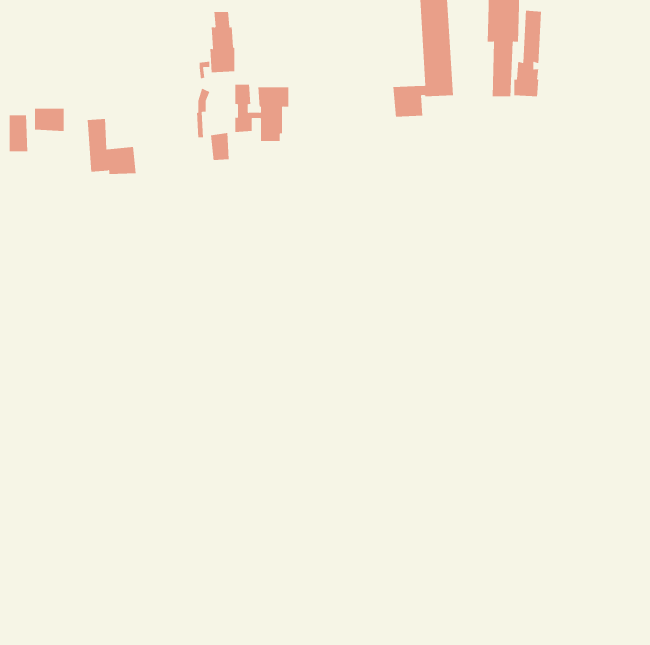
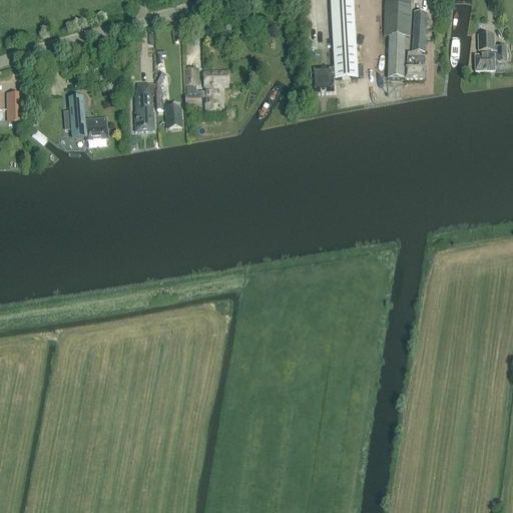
building: [210,12,235,73] -> [133,81,153,129]
building: none -> [474,32,506,69]
building: [34,108,64,132] -> none

